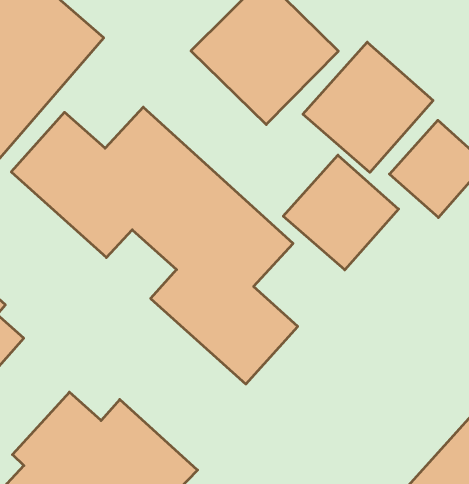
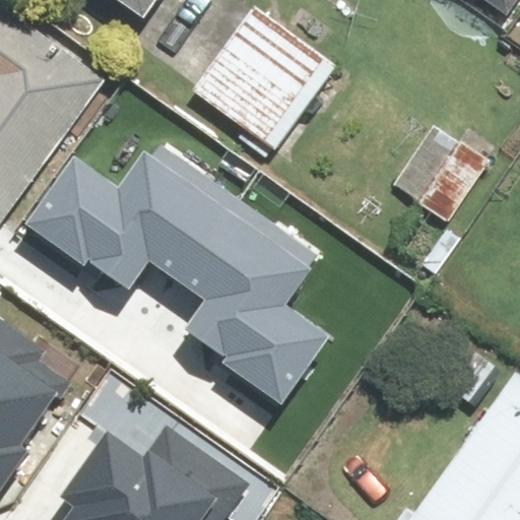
building: [303,42,433,172] -> none
building: [283,155,399,270] -> none

